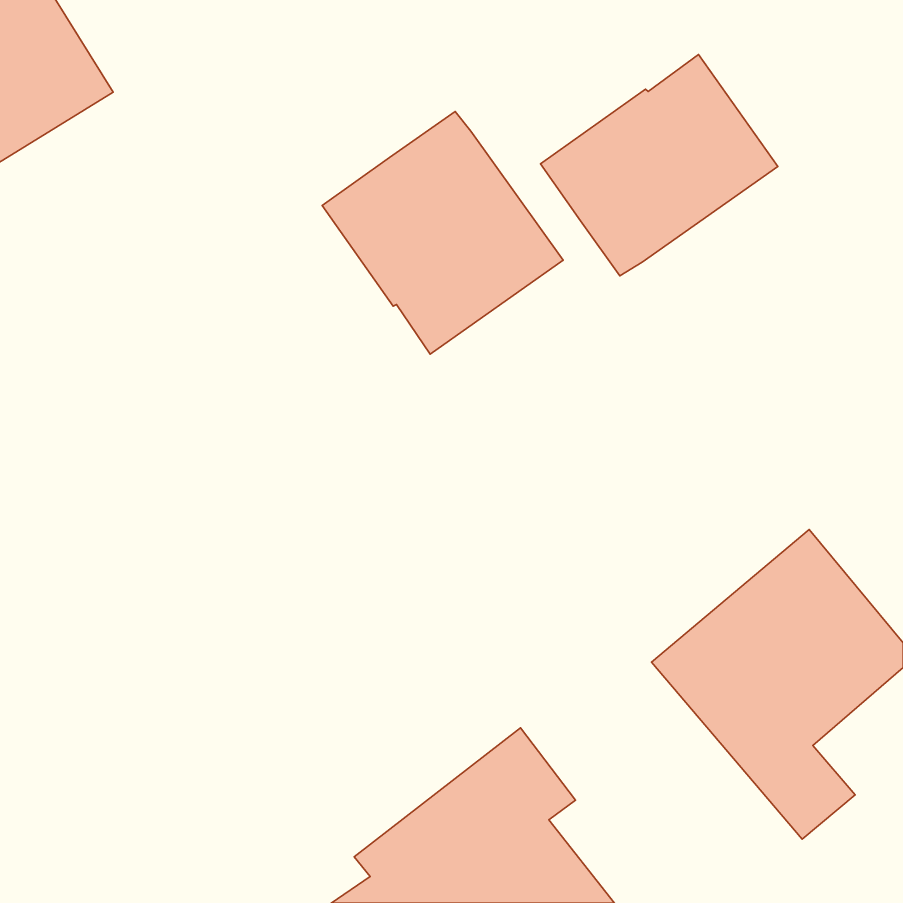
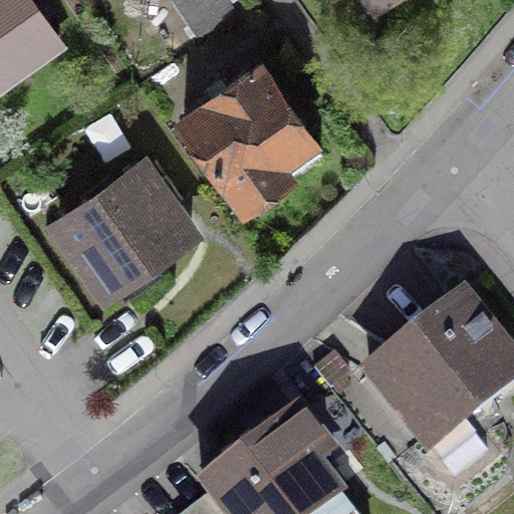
building: [540,54,778,276] -> none
building: none -> [58,162,190,287]

